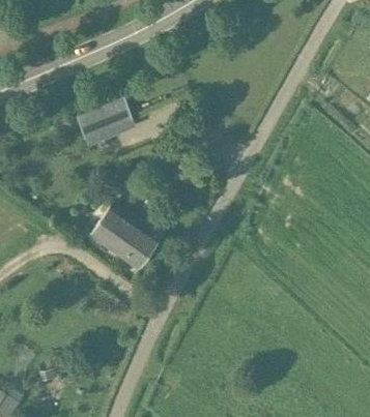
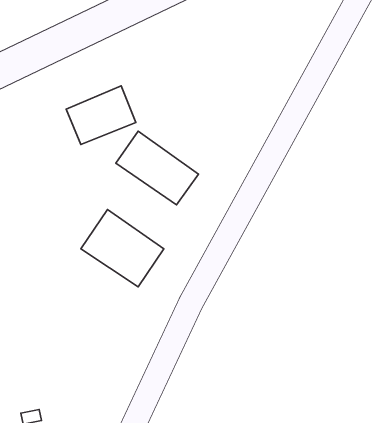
building: none -> [116,131,198,205]

